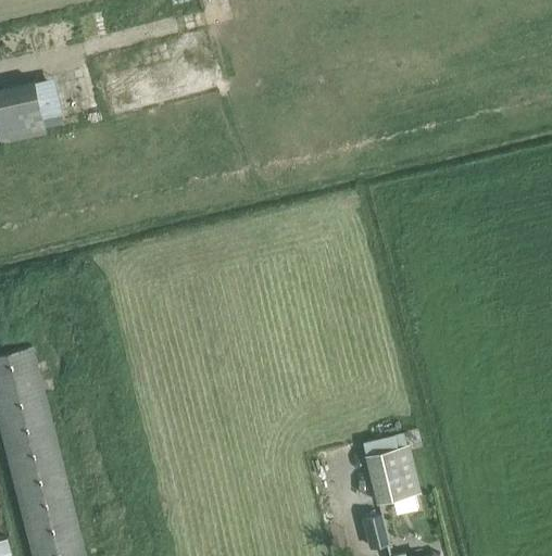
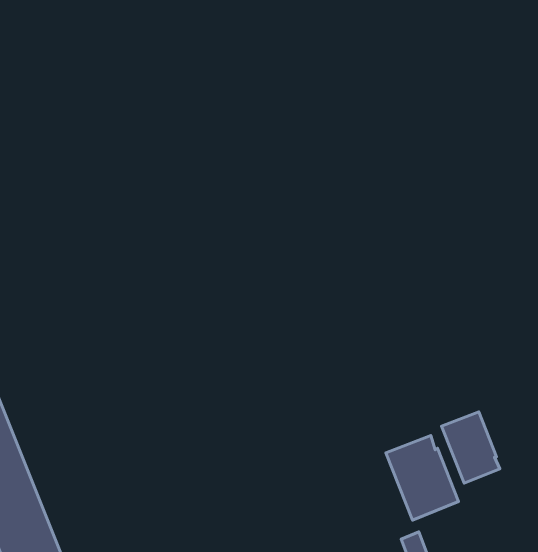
building: none -> [442,412,500,483]

